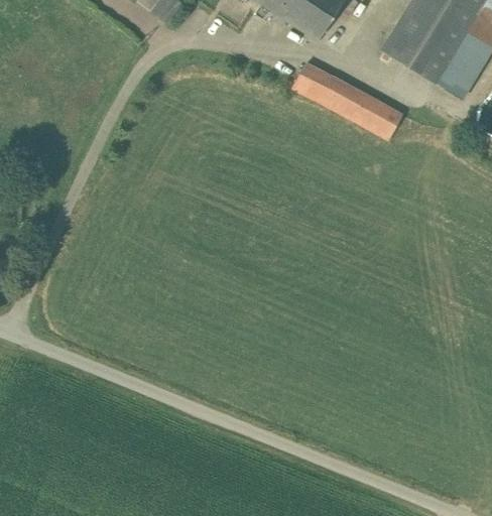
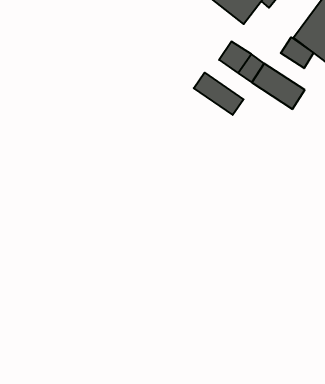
building: none -> [281,37,314,68]
building: none -> [194,73,244,115]

